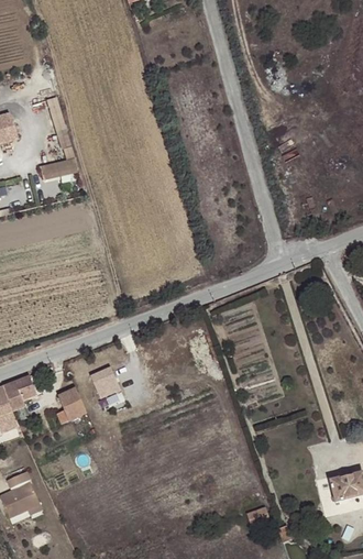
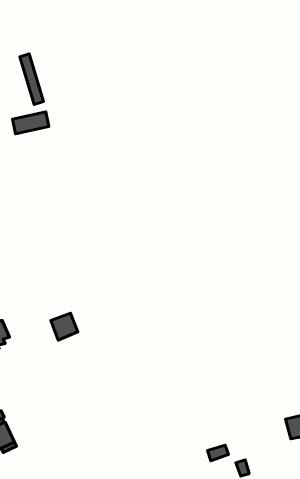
building: [55,388,86,425] -> none

